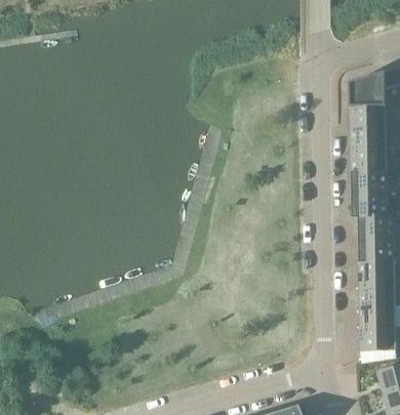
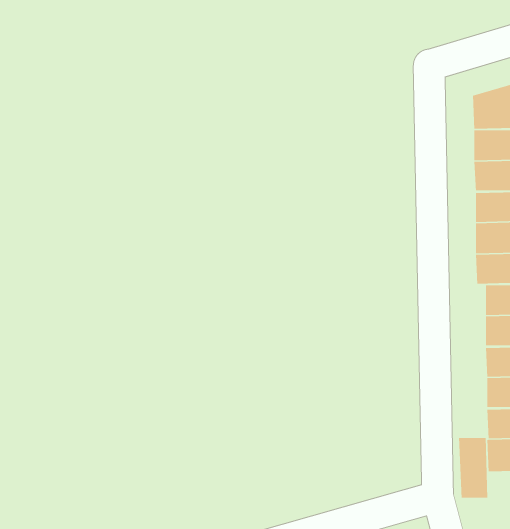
building: none -> [458,437,488,498]

